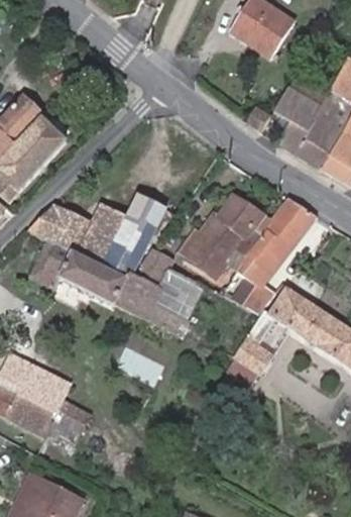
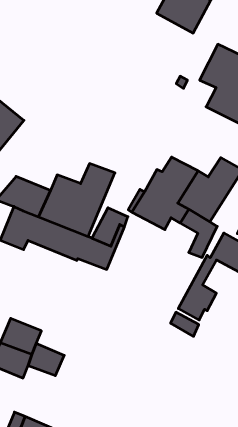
building: [148,272,206,335] -> none

